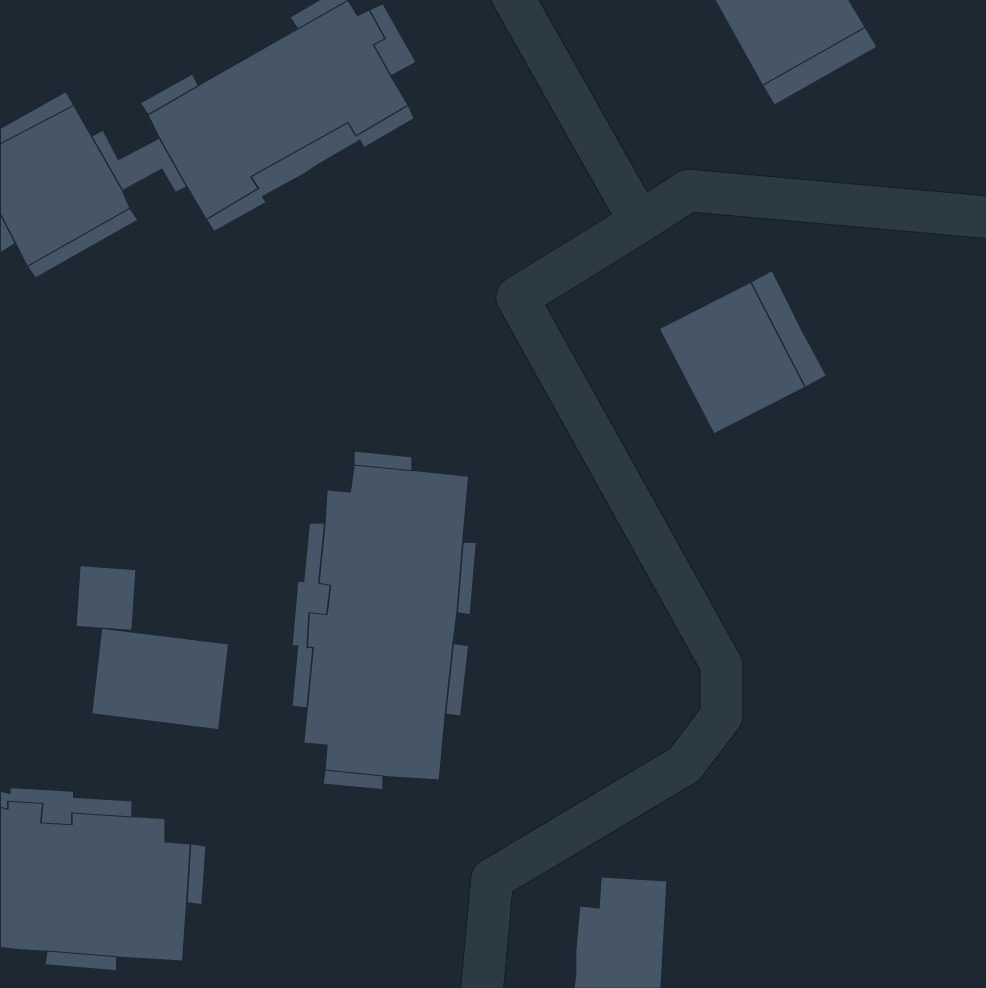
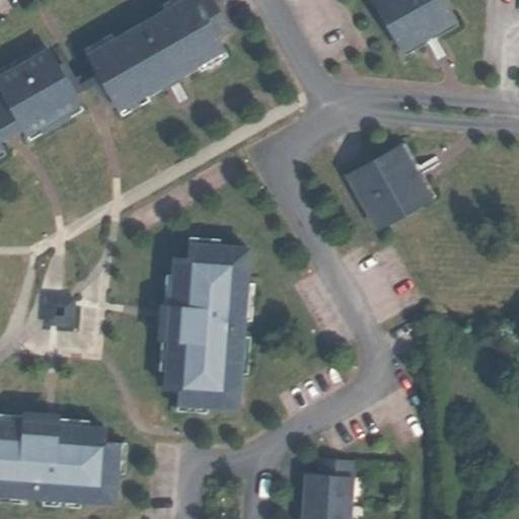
building: [92,628,229,730] -> none

